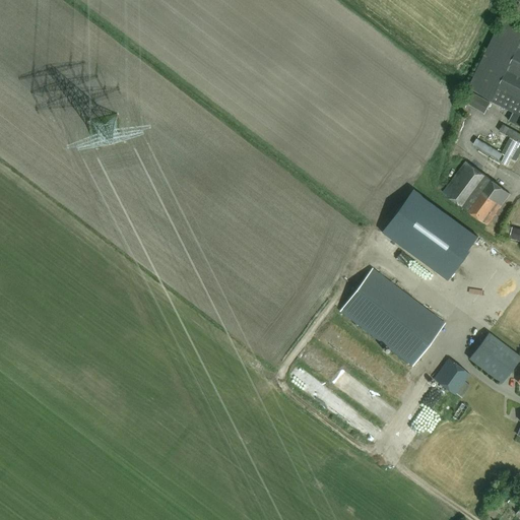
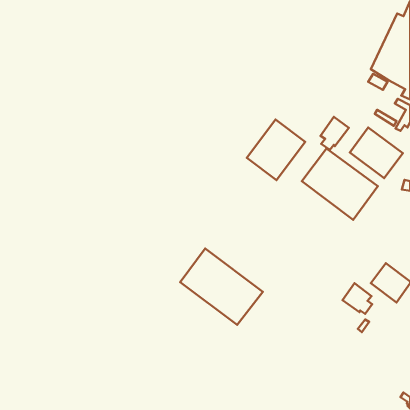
building: none -> [320,117,349,150]
building: none -> [247,120,305,180]
building: [340,269,445,366] -> [180,249,263,325]

